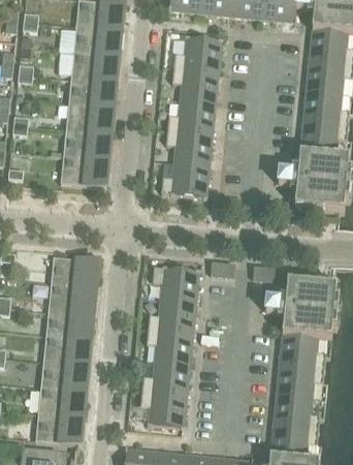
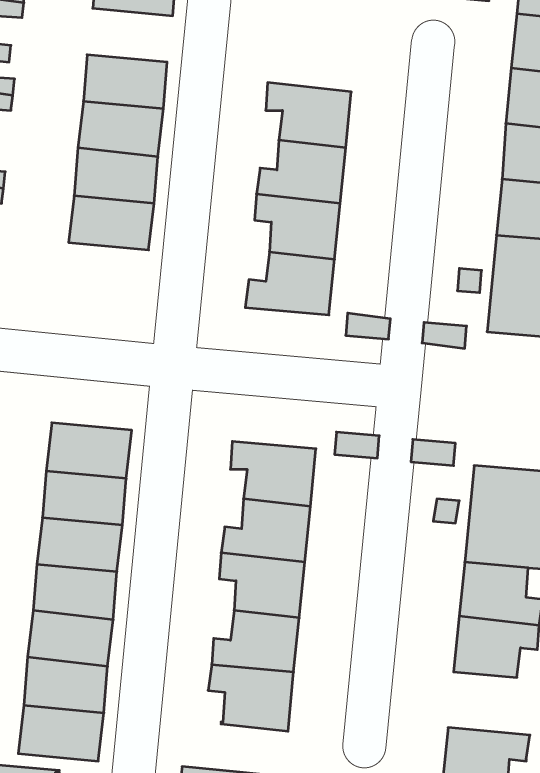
building: [73,26,121,56] -> none
building: [173,36,223,72] -> none
building: [61,156,107,187] -> none
building: [274,395,320,430] -> none

